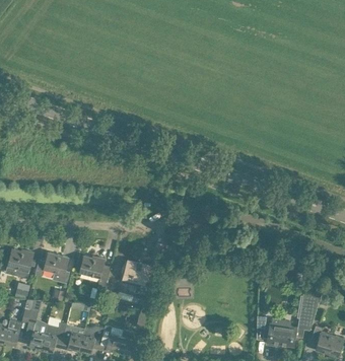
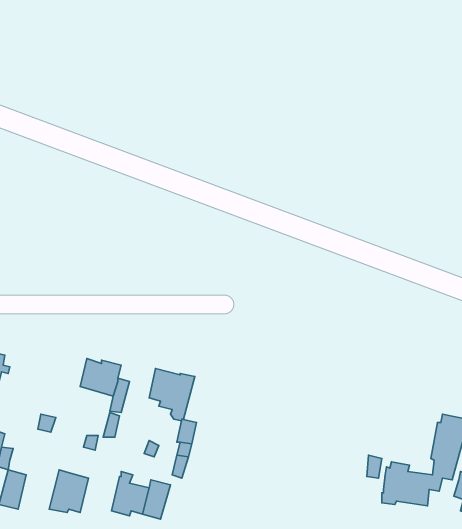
building: [36,251,70,276] -> none
building: [42,321,67,351] -> none
building: [80,326,105,353] -> none

